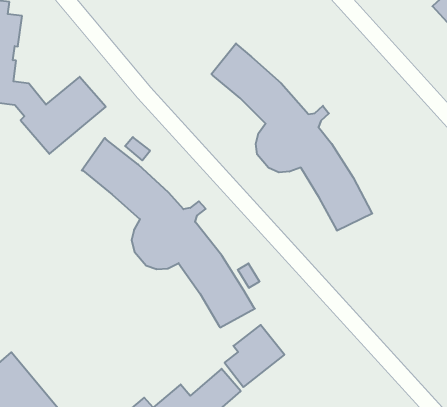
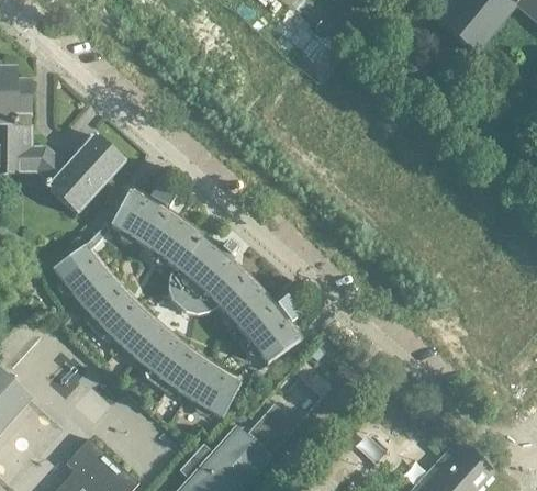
building: [211,43,372,231] -> none
building: none -> [53,245,242,417]

